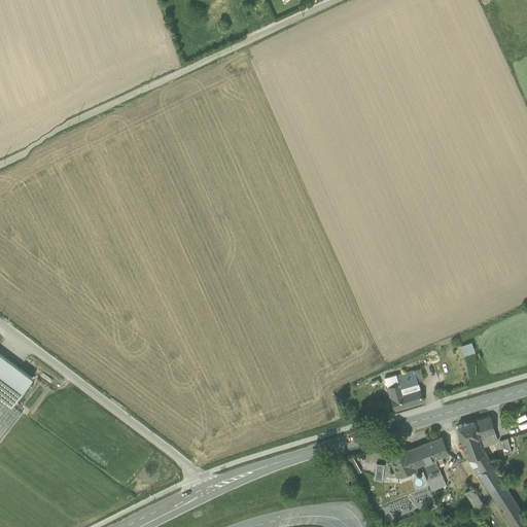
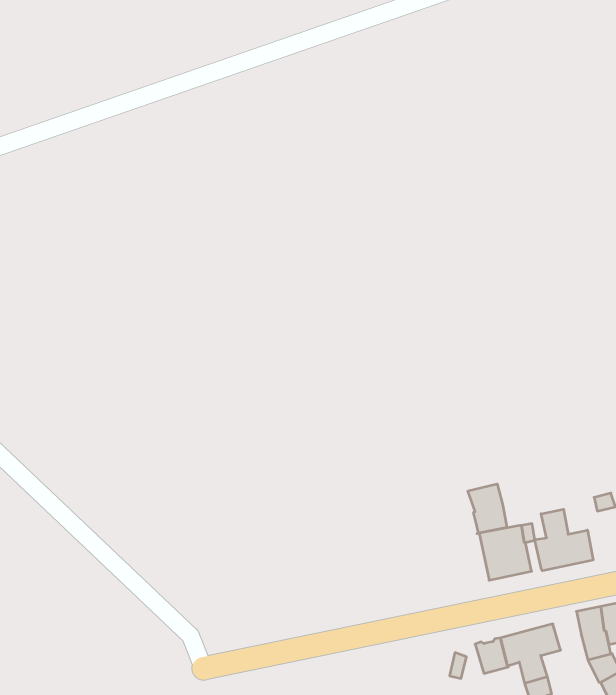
building: none -> [468,484,507,534]
building: none -> [535,509,593,571]

